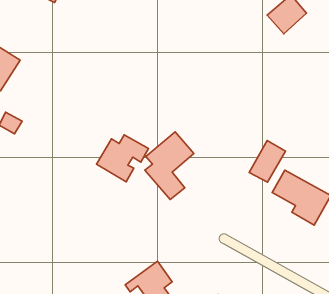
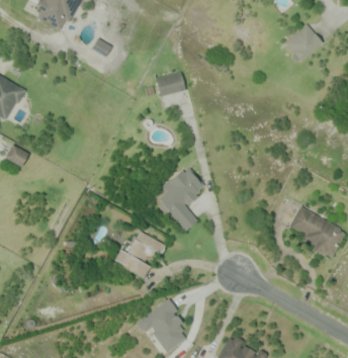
building: none -> [155,72,185,97]
building: [97,135,149,182] -> [111,232,165,280]
building: [249,140,286,182] -> none

